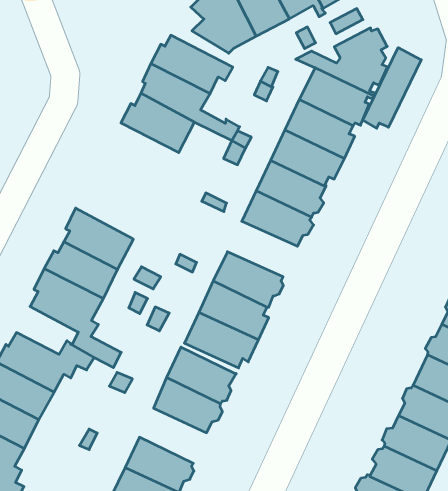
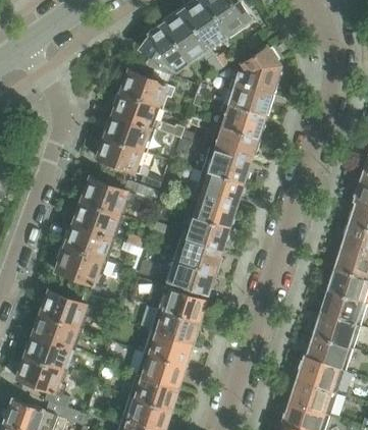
building: [363,48,421,128] -> none
building: none -> [97,136,145,173]
building: none -> [78,177,135,215]
building: none -> [188,193,235,227]
building: none -> [144,330,190,365]

